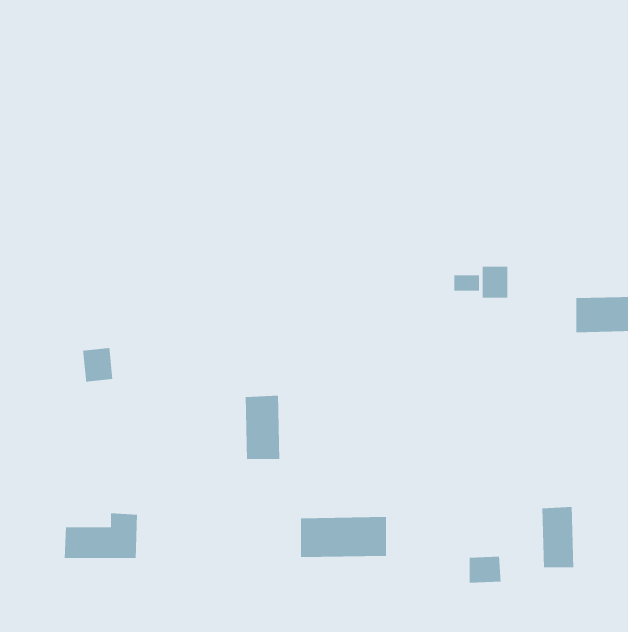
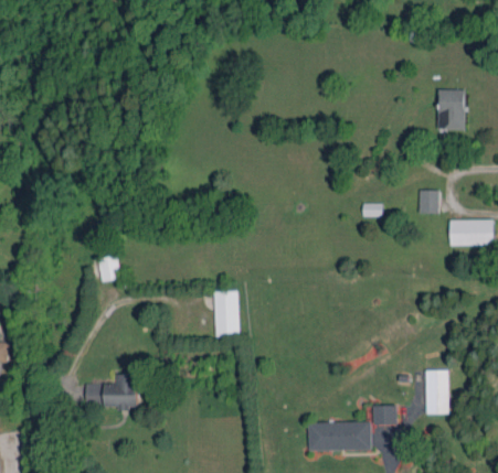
building: none -> [437,89,465,130]
building: [482,266,508,298] -> [418,190,437,213]
building: [300,516,387,558] -> [308,421,370,451]

